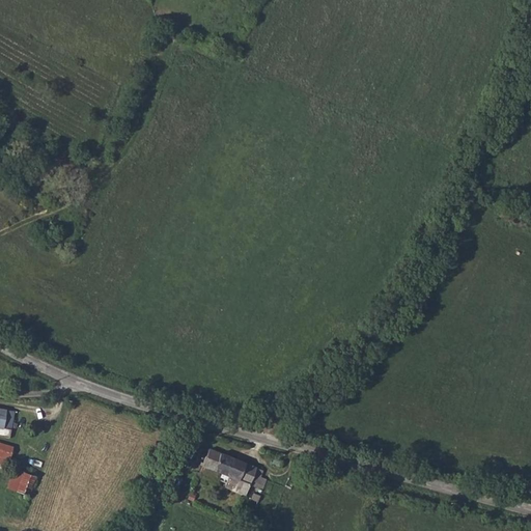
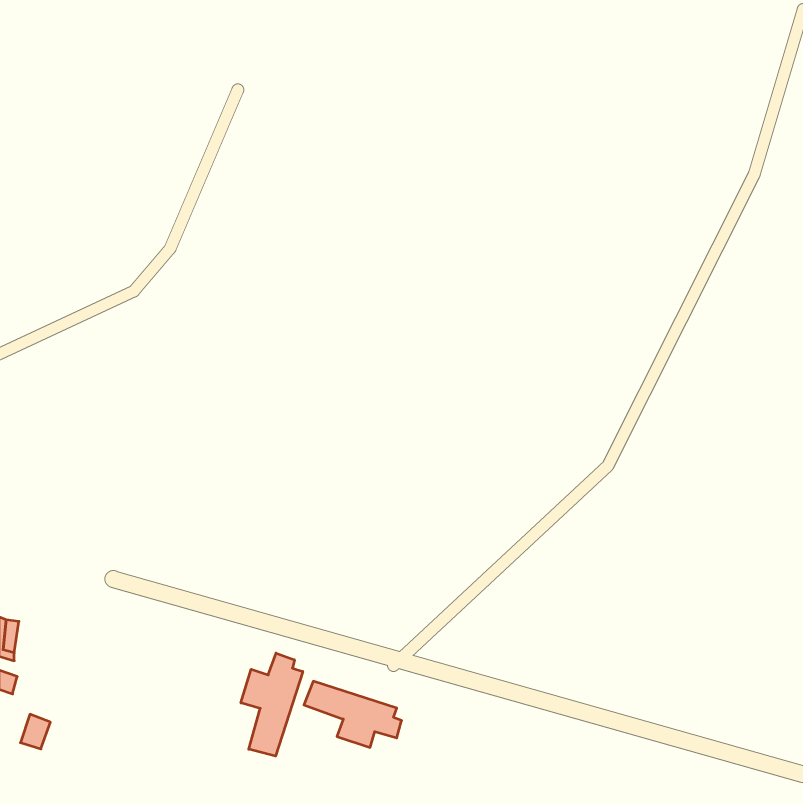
building: none -> [241,653,303,756]

